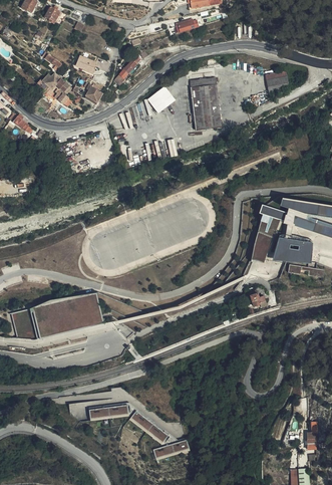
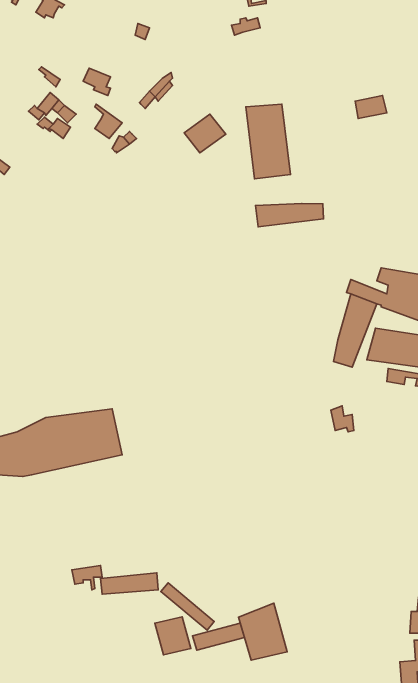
building: none -> [256,203,323,227]
building: none -> [238,603,287,660]
building: none -> [155,617,191,655]

